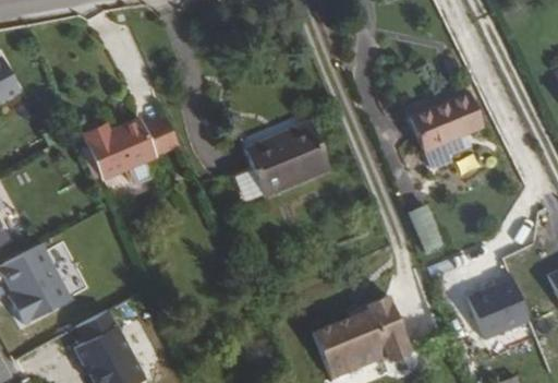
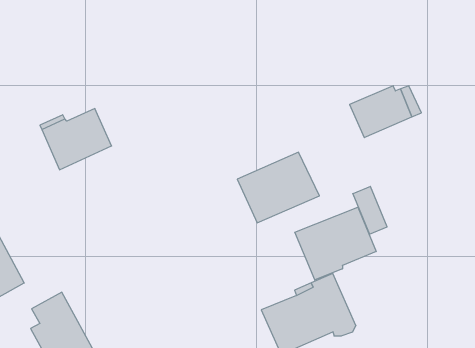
building: [244,120,330,194] -> [237,152,319,223]
building: none -> [295,207,376,280]
building: [475,276,533,334] -> none

